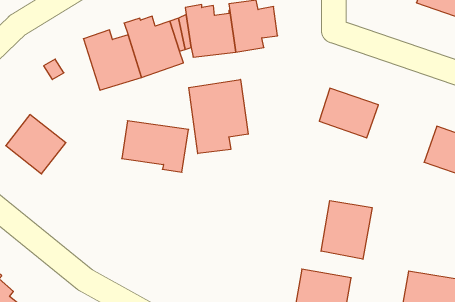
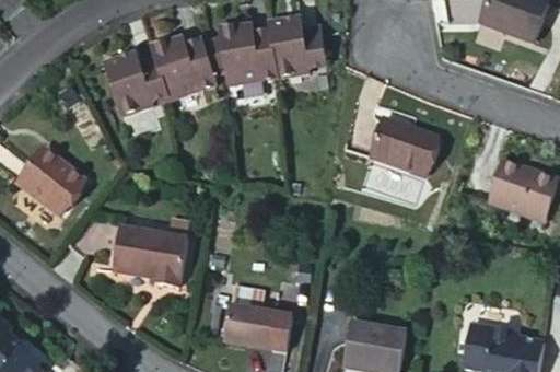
building: [189,79,248,154] -> none
building: [122,121,189,172] -> [112,228,187,286]
building: [321,201,372,259] -> none
building: none -> [222,304,291,350]

